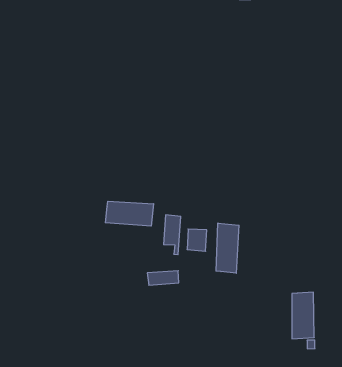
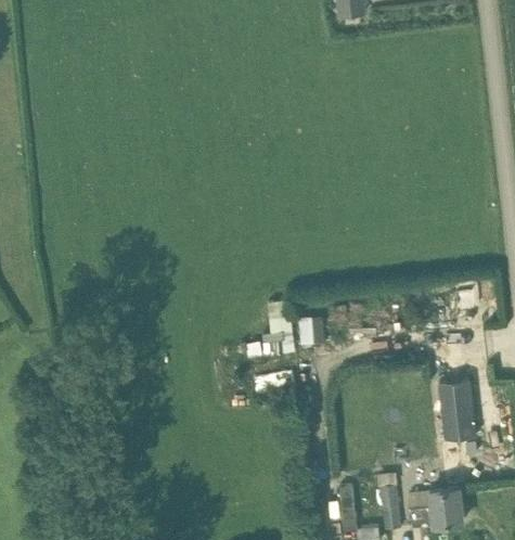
building: [105,201,154,226] -> none
building: [216,223,239,273] -> none

